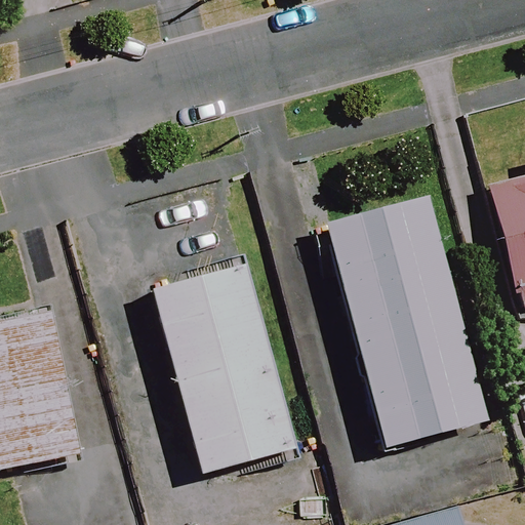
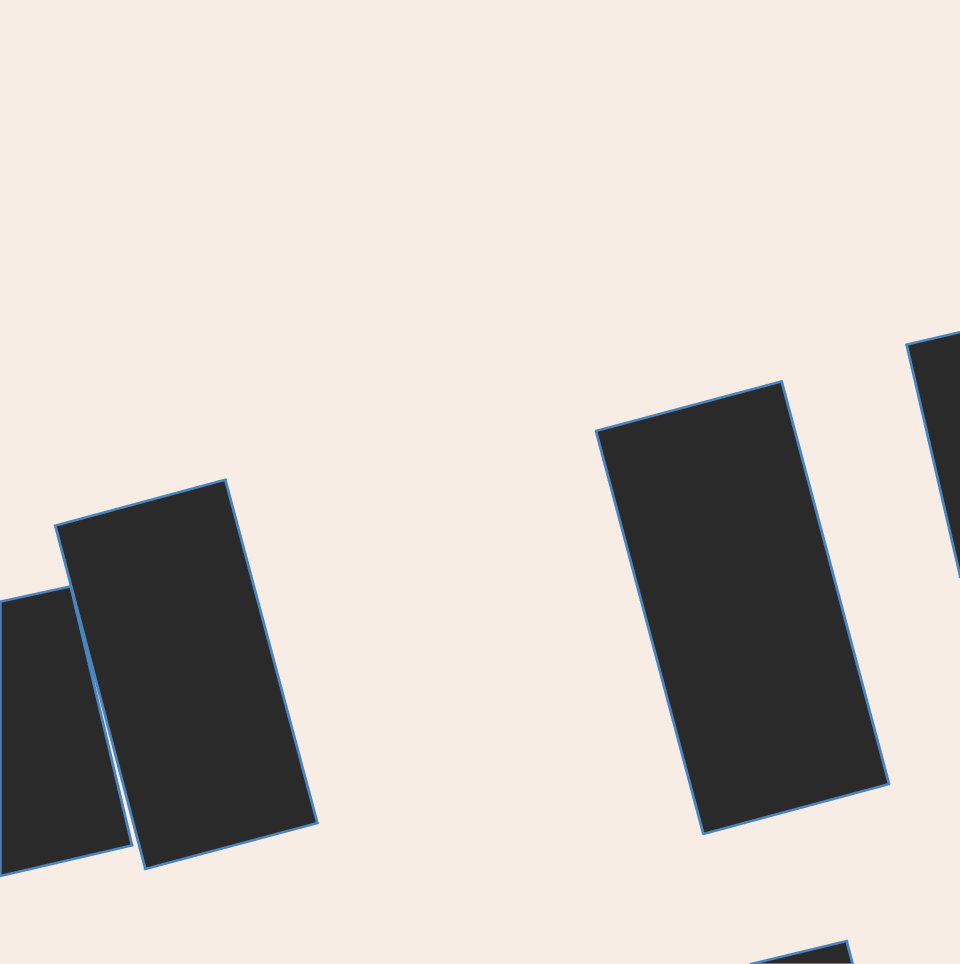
building: [155,265,295,473] -> [55,480,318,869]

